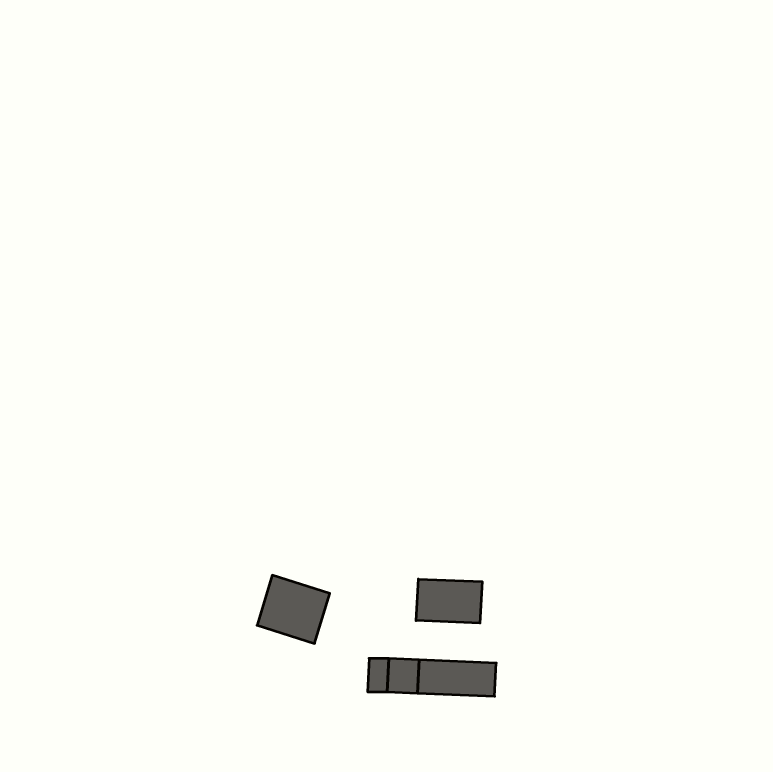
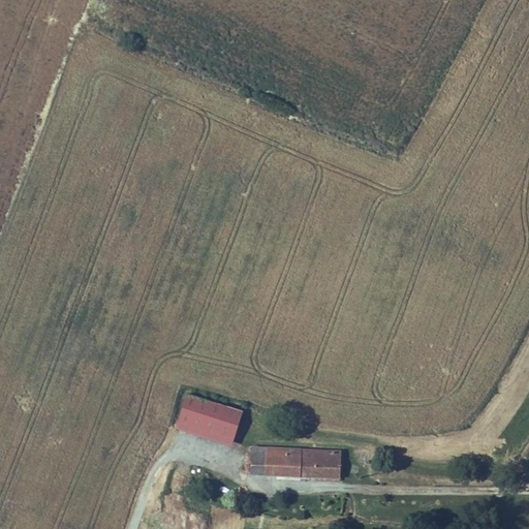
building: [416,579,482,623] -> none
building: none -> [215,406,243,445]

